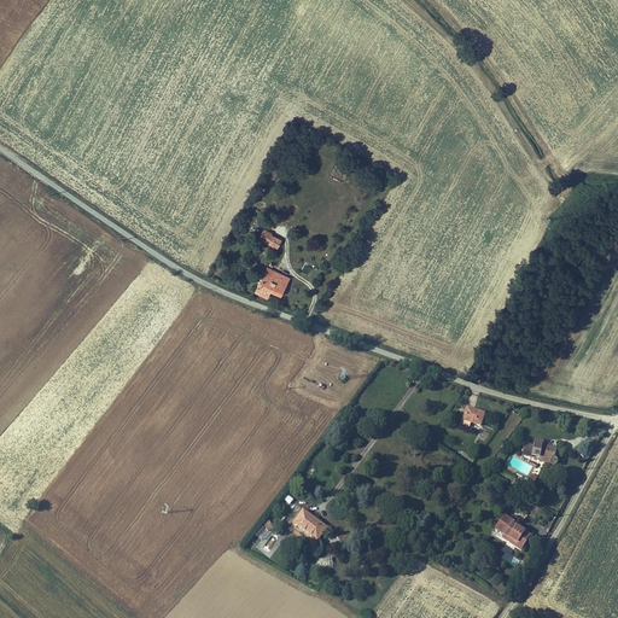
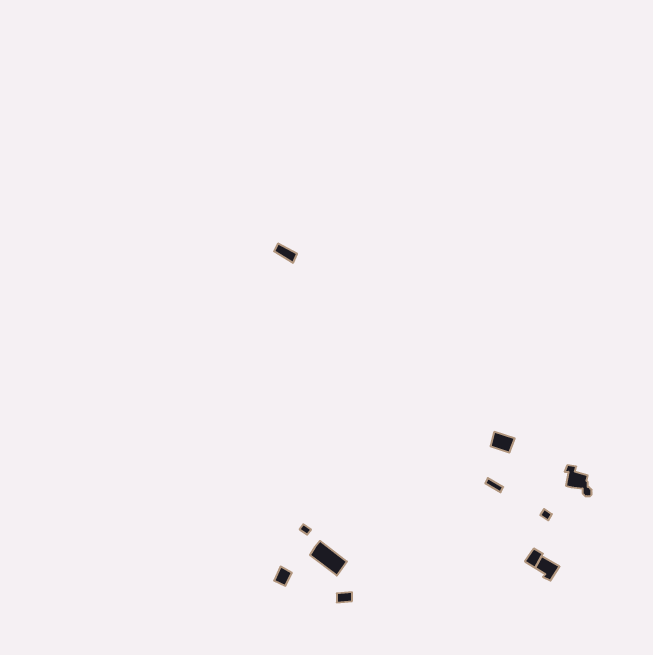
building: [256,268,290,297] -> none

